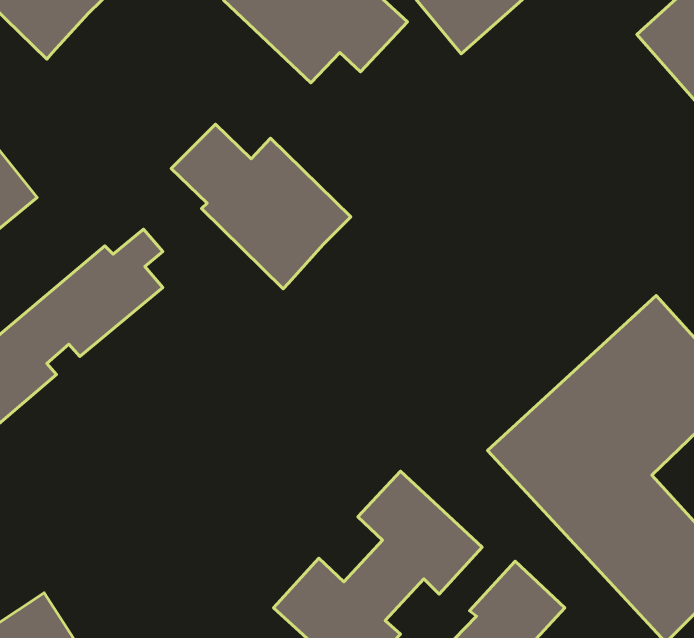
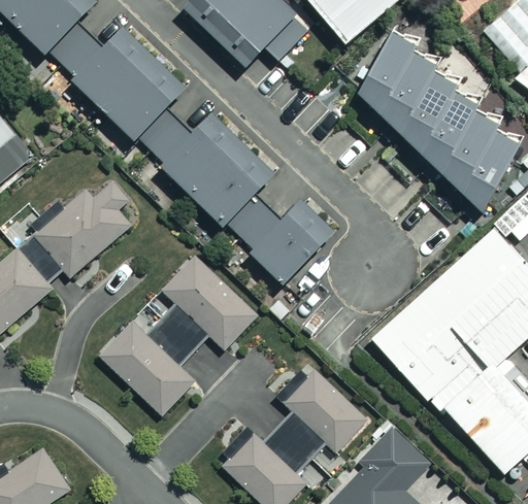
building: none -> [47,19,183,138]
building: none -> [353,28,518,213]
building: none -> [224,191,330,281]
building: none -> [100,257,255,414]

